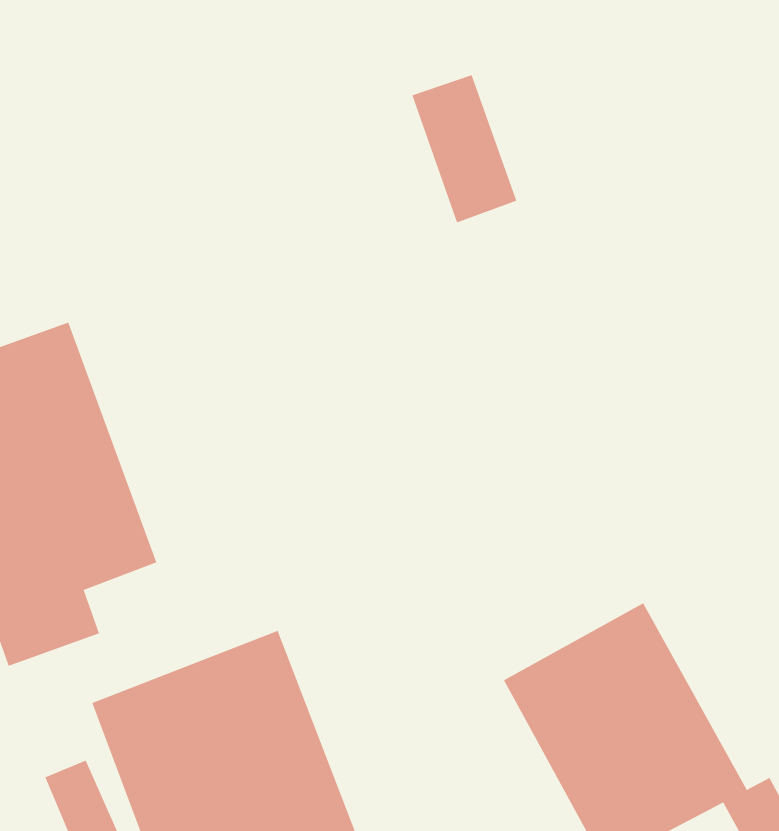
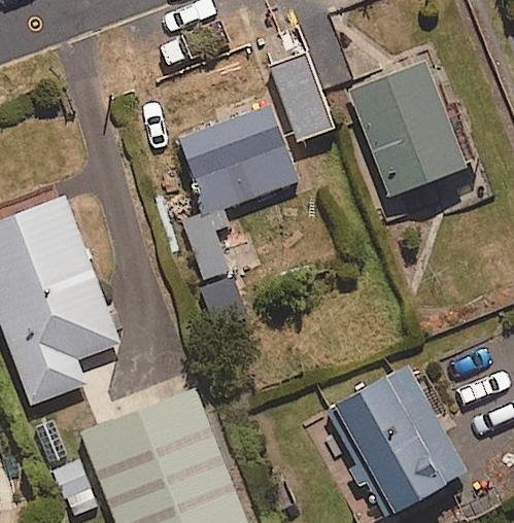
building: none -> [348,63,479,215]
building: none -> [174,103,299,280]

